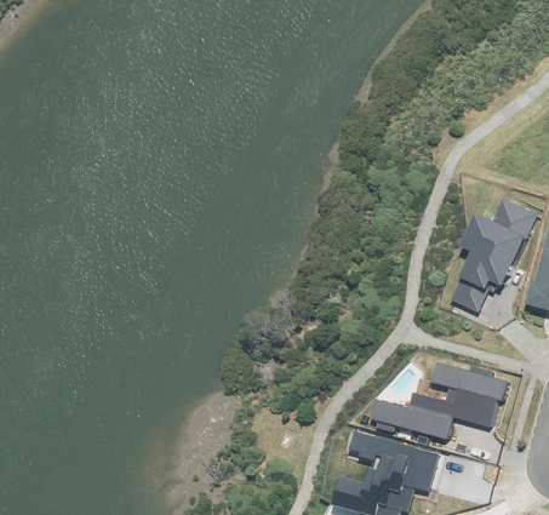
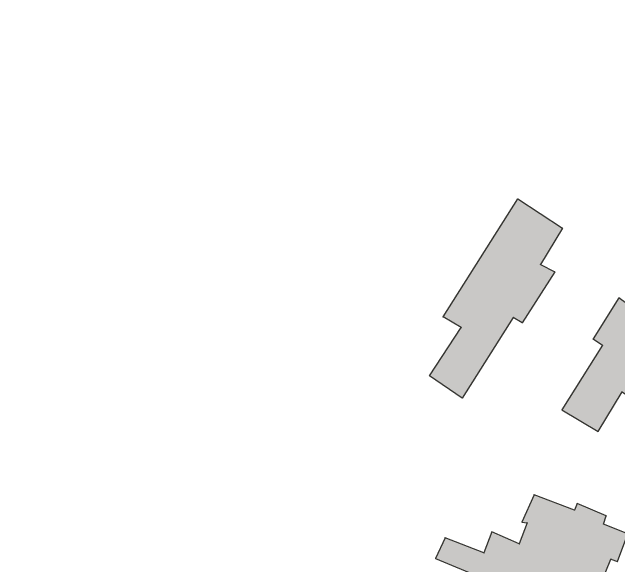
building: none -> [430,199,562,398]

